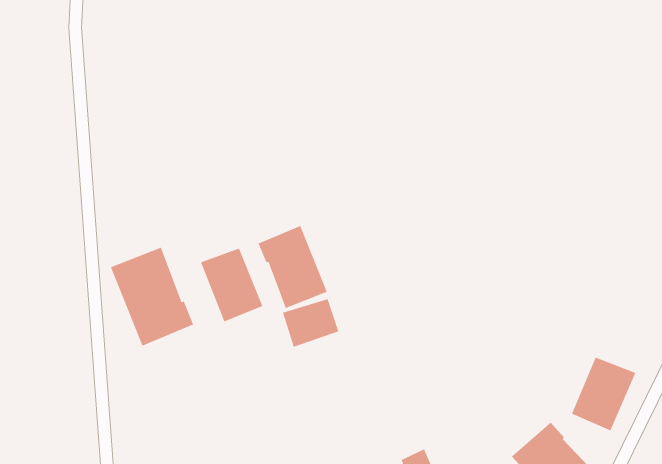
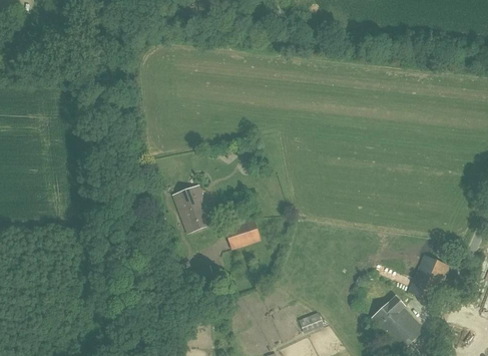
building: [258,225,327,309] -> none
building: [110,247,194,347] -> none

